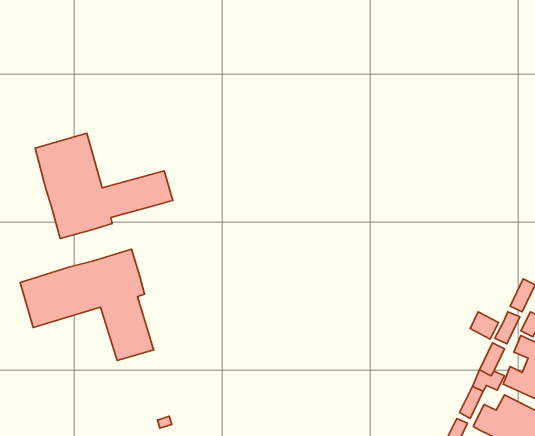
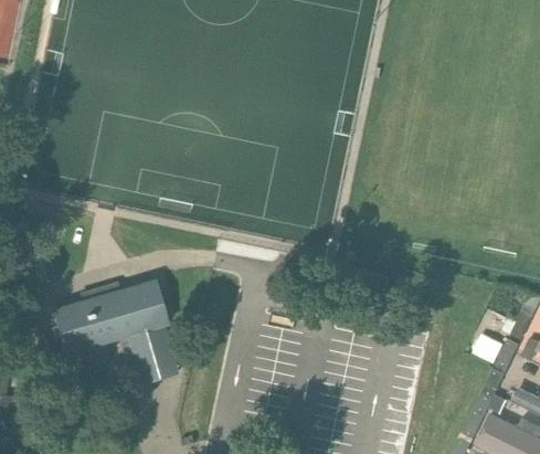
building: [35,133,173,239] -> none

